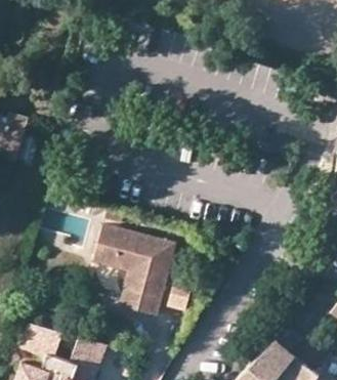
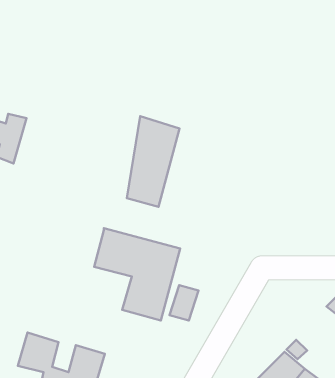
building: none -> [127,116,179,207]

